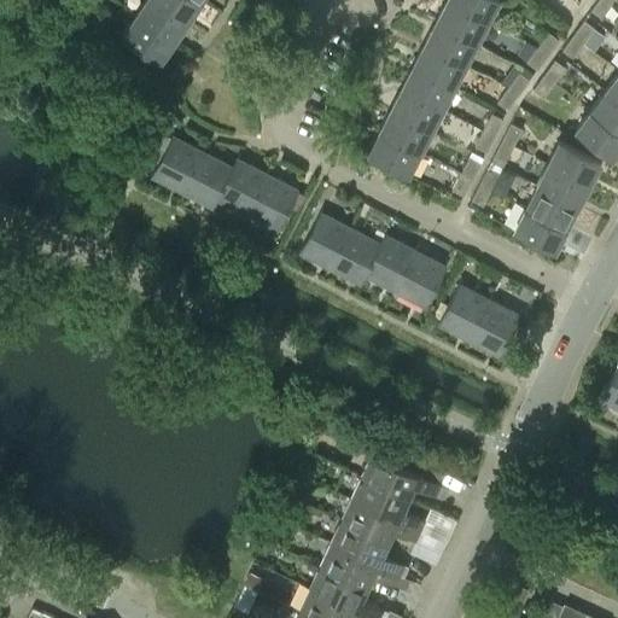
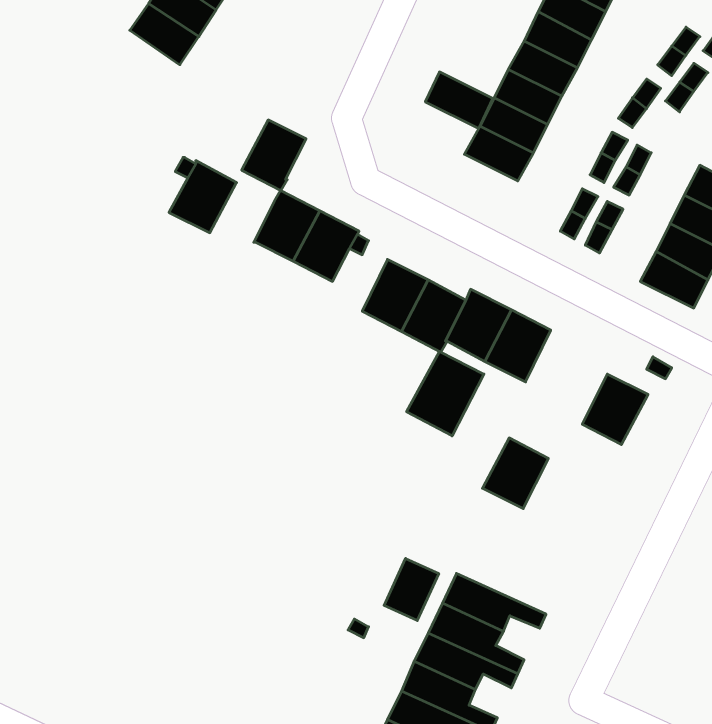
building: [369,133,421,176] -> [425,72,493,128]
building: [185,154,234,209] -> [242,120,306,191]
building: none -> [407,351,484,436]
building: [439,286,490,340] -> [482,438,548,509]
building: none -> [384,558,439,621]

